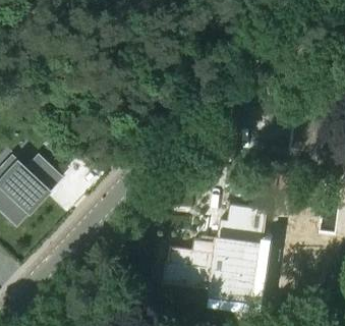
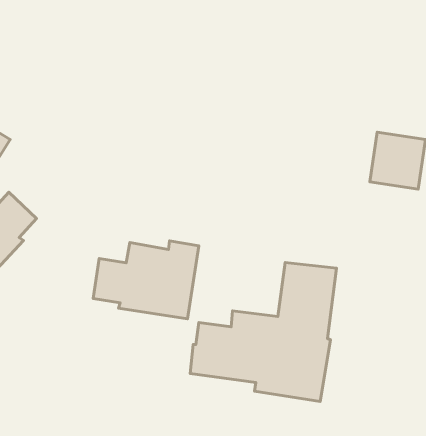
building: none -> [93,241,199,319]

